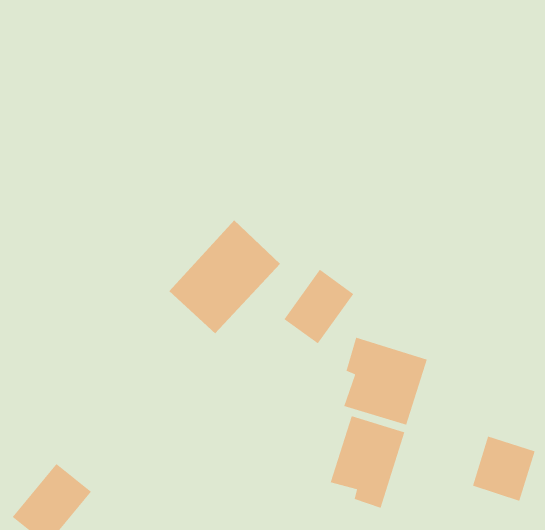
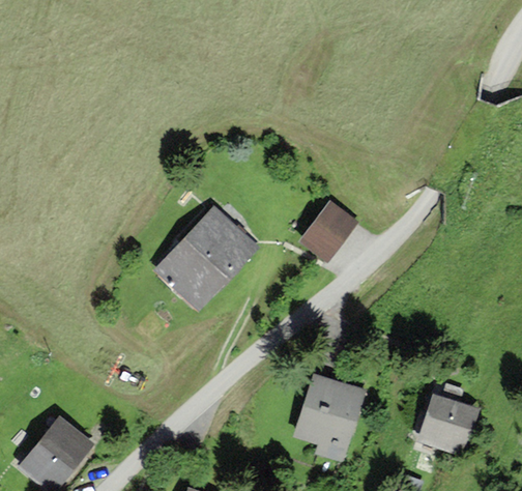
building: [283,269,354,344] -> [298,198,359,263]
building: [343,337,427,425] -> none

